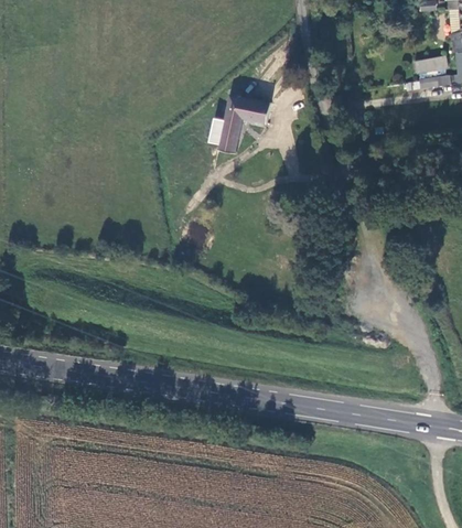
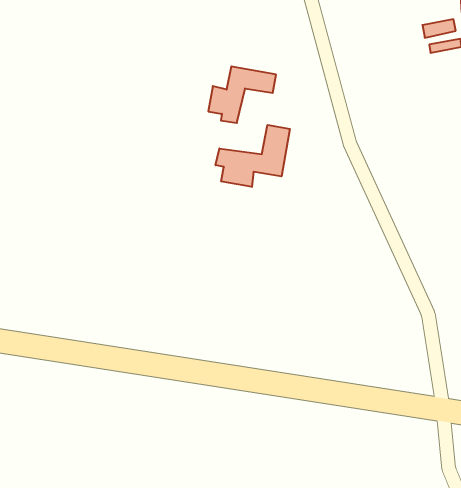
building: none -> [216,125,290,187]

